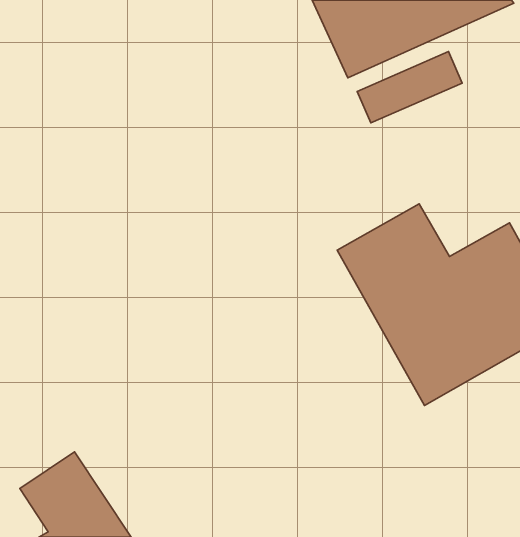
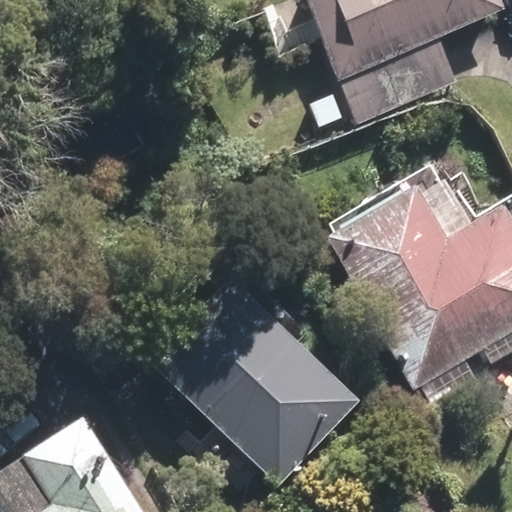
building: none -> [160,288,353,477]

